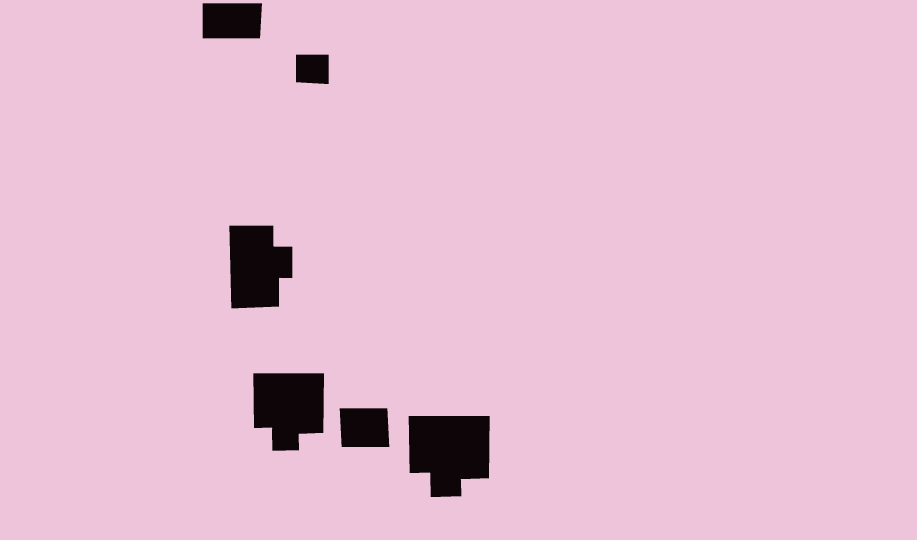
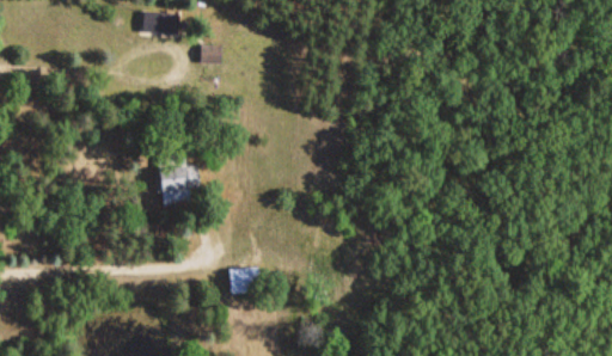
building: [253,373,324,452] -> none
building: [408,415,490,498] -> none

